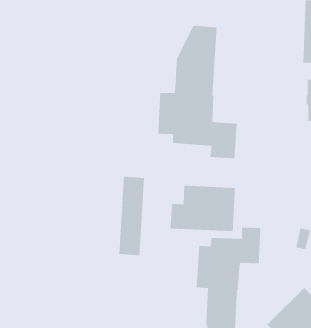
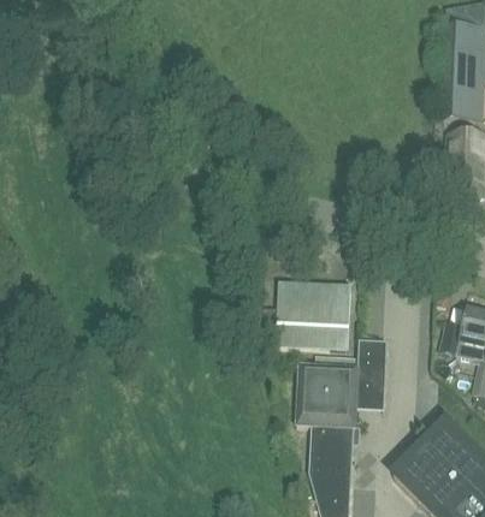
building: [157,25,237,159] -> none
building: [118,176,145,256] -> none

